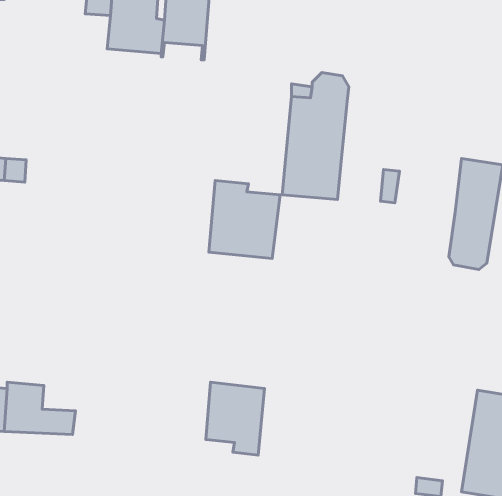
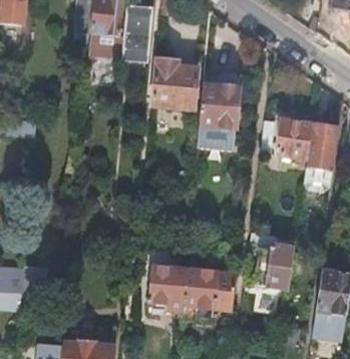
building: none -> [277,118,311,157]
building: [209,181,280,258] -> [152,58,198,107]
building: none -> [255,244,294,289]
building: none -> [182,269,237,325]

